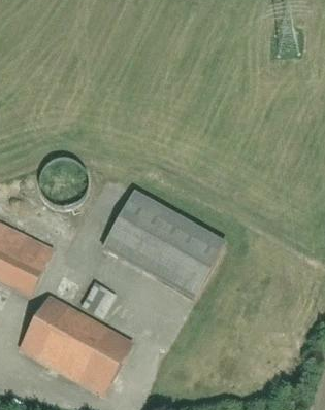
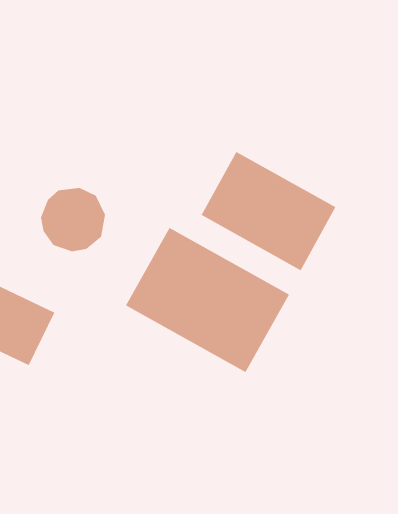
building: none -> [201,151,336,271]
building: [22,298,130,391] -> none

